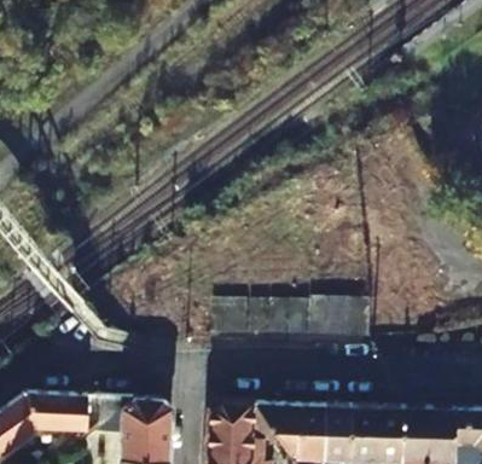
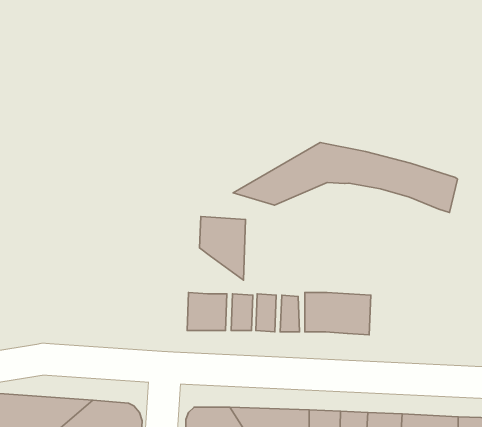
building: none -> [233,143,458,212]
building: none -> [200,216,245,280]

